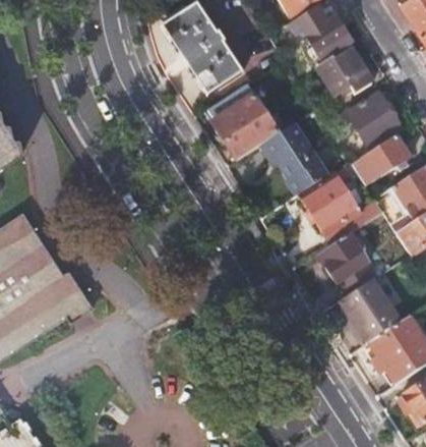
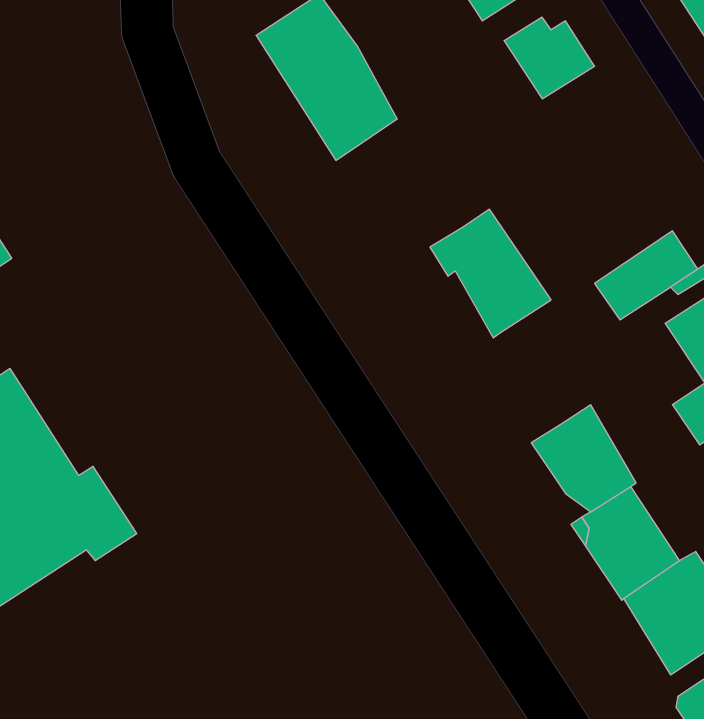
building: [327,47,372,93] -> none
building: [207,85,278,160] -> none
building: [348,92,403,149] -> none
building: [299,163,365,243] -> none

